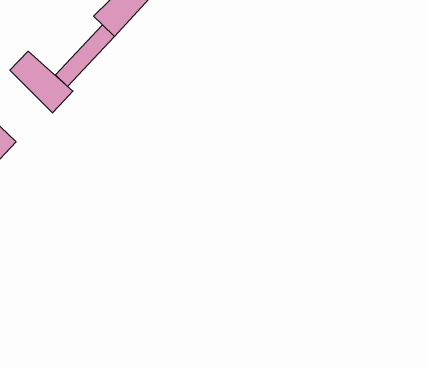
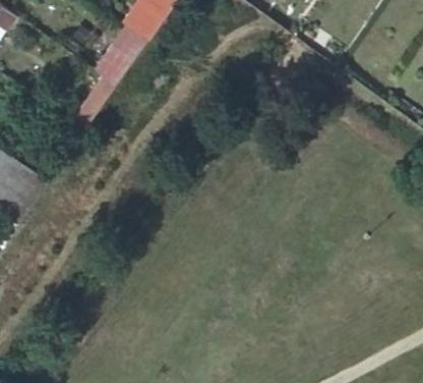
building: [10,51,73,113] -> none

